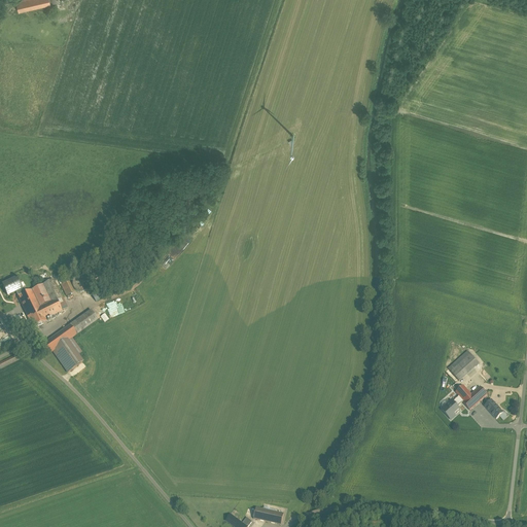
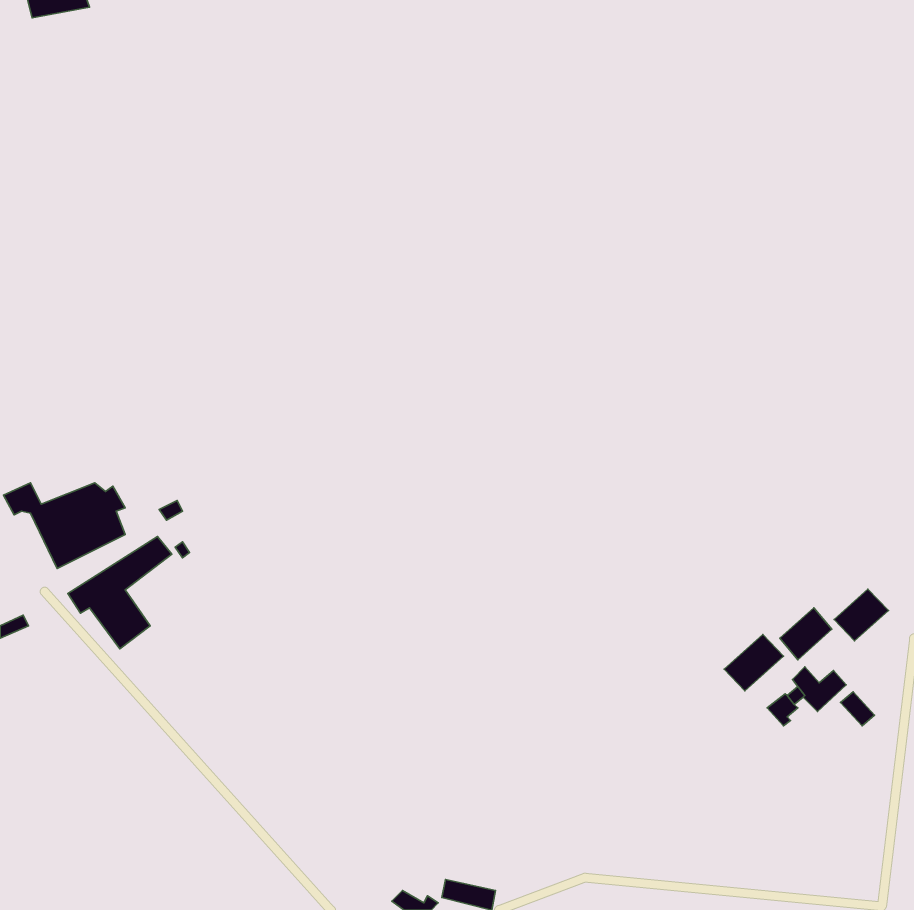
building: none -> [834,589,888,641]
building: none -> [724,635,783,691]

